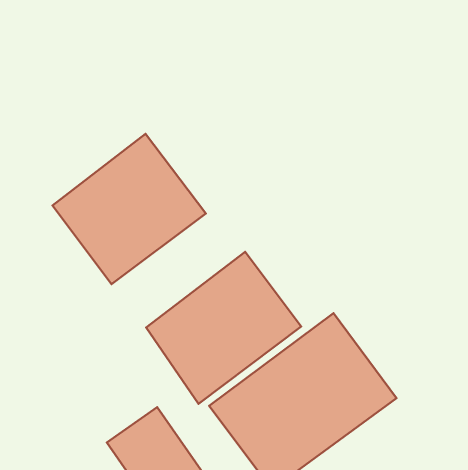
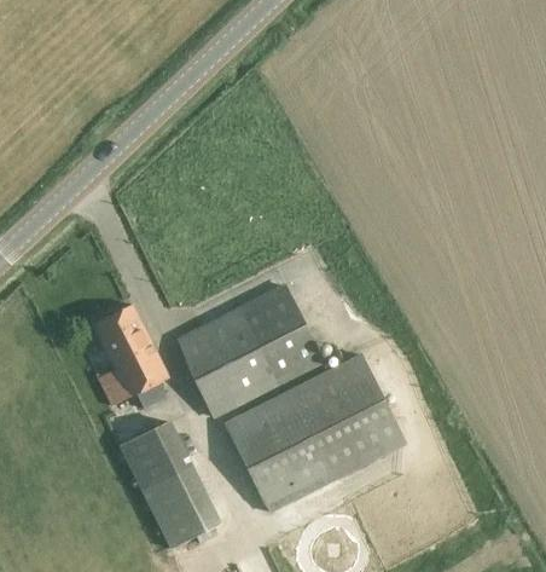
building: [53,134,206,284] -> none
building: none -> [88,305,168,409]

